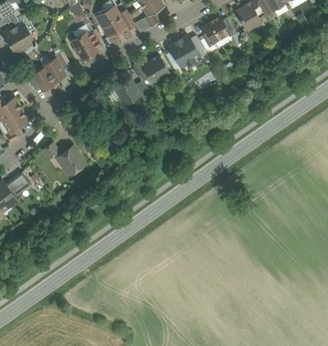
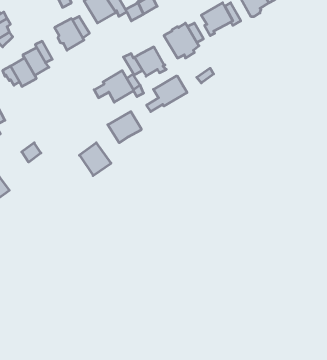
building: none -> [147,76,187,112]
building: none -> [108,112,141,143]
building: [56,146,84,176] -> [79,143,111,176]

